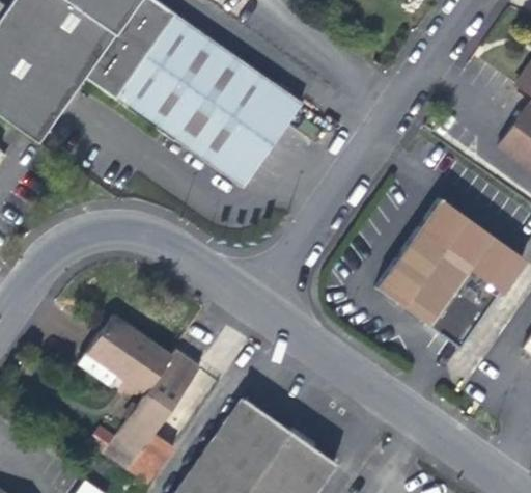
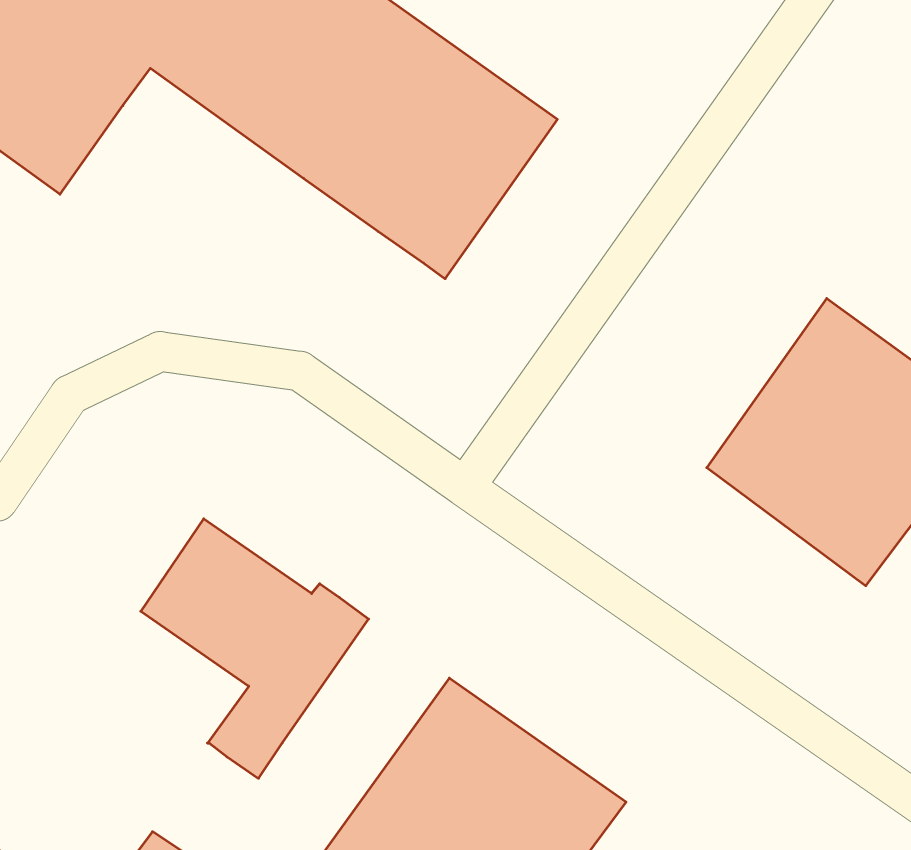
building: [103,433,175,484] -> none

